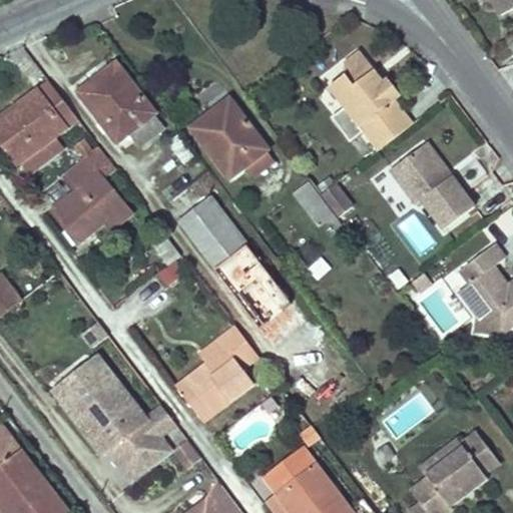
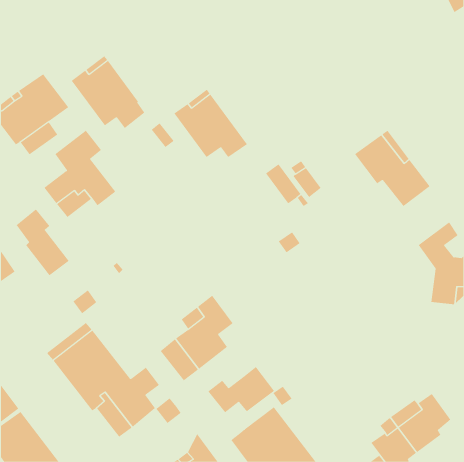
building: [329,50,413,149] -> none
building: [177,195,291,328] -> none
building: none -> [16,209,70,276]
building: none -> [207,366,275,413]

